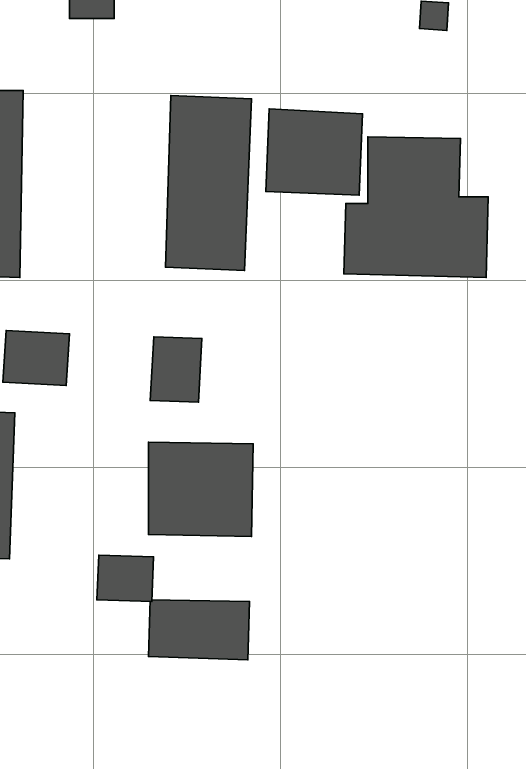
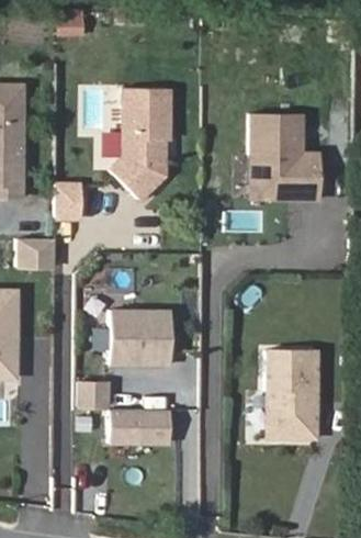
building: [266,109,362,195] -> none
building: [150,337,202,402] -> [53,180,86,222]
building: none -> [263,349,321,441]

